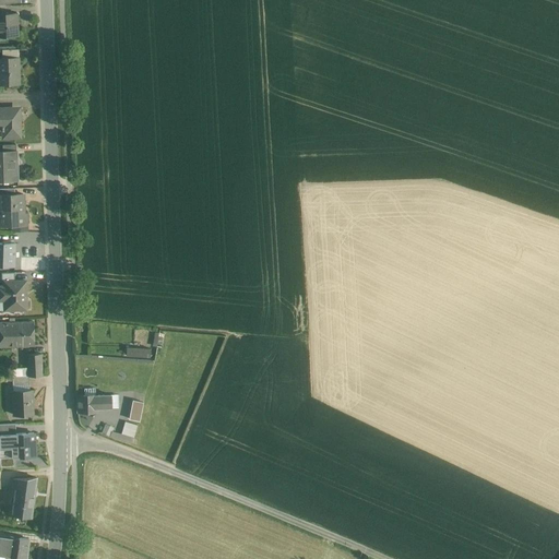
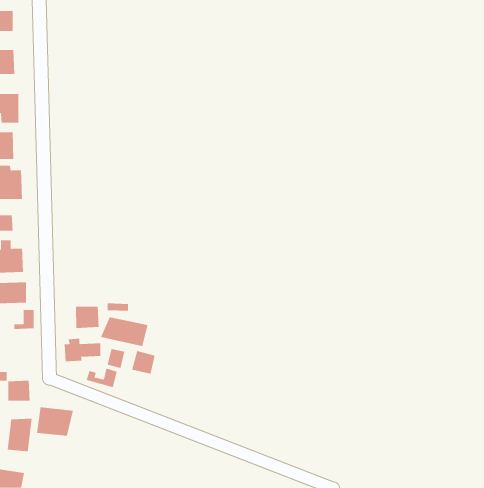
building: none -> [76,306,99,329]
building: none -> [100,316,148,347]
building: [10,388,32,415] -> none
building: none -> [131,350,155,374]
building: none -> [37,406,74,437]

